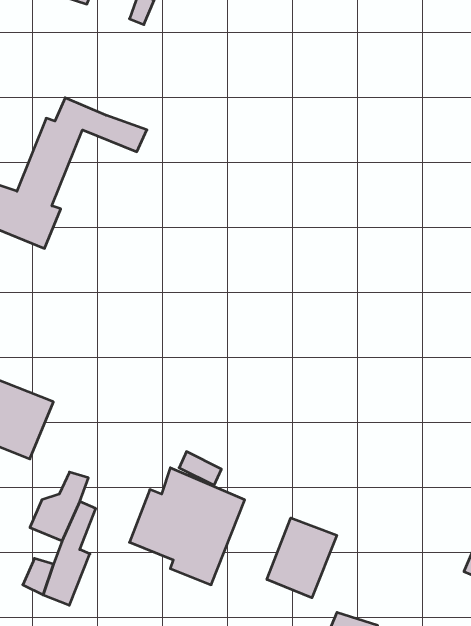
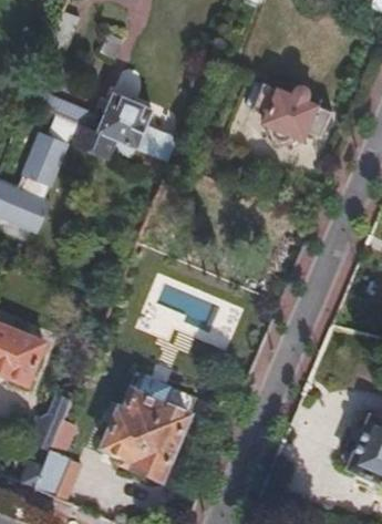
building: none -> [251,81,330,141]
building: none -> [27,88,177,160]
building: [267,518,337,598] -> none

